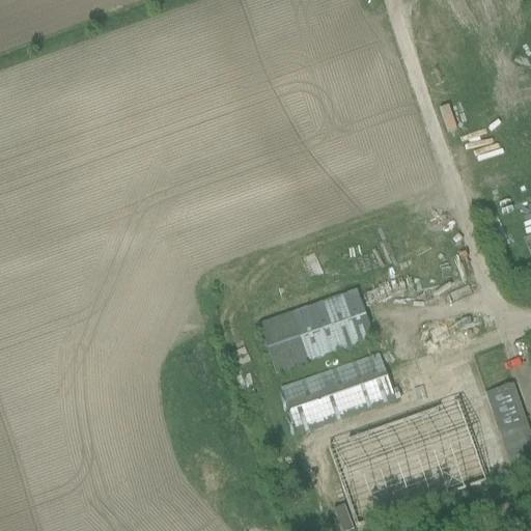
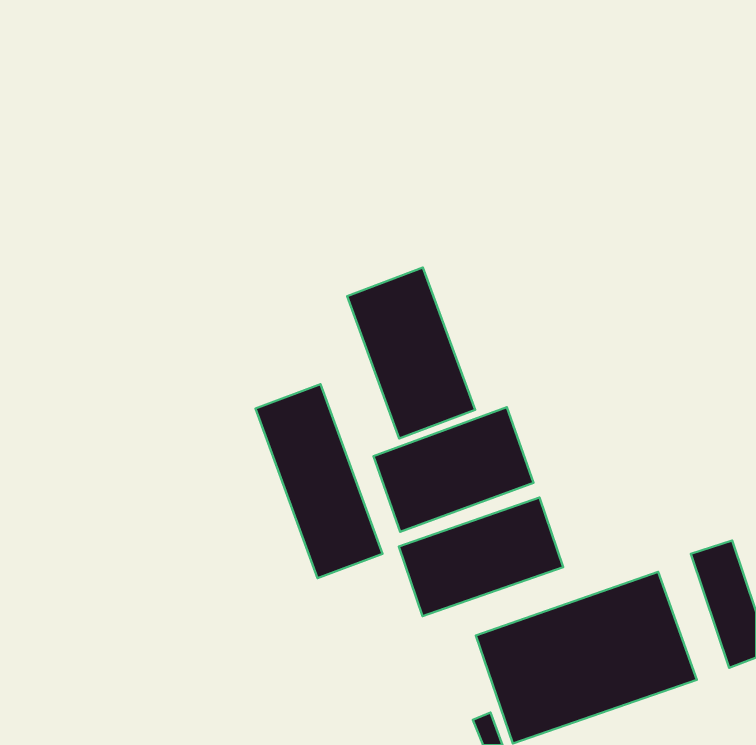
building: none -> [347,267,475,439]
building: none -> [255,384,383,578]

